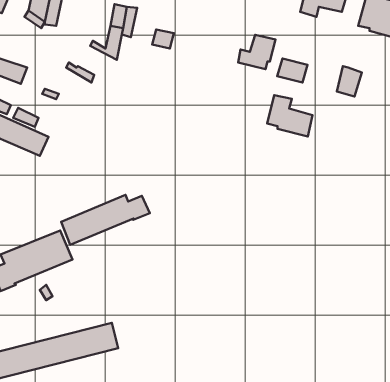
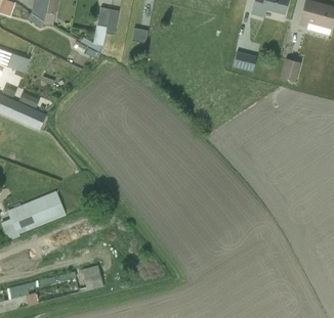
building: [238,35,276,69] -> none
building: [267,95,313,136] -> none
building: [61,195,150,245] -> none

